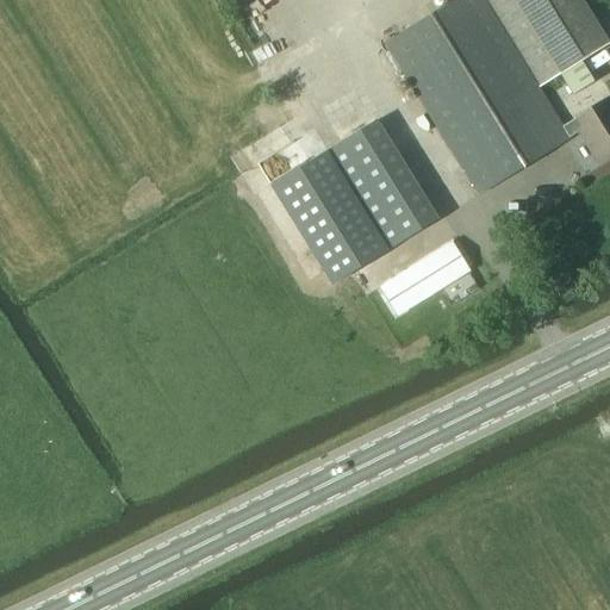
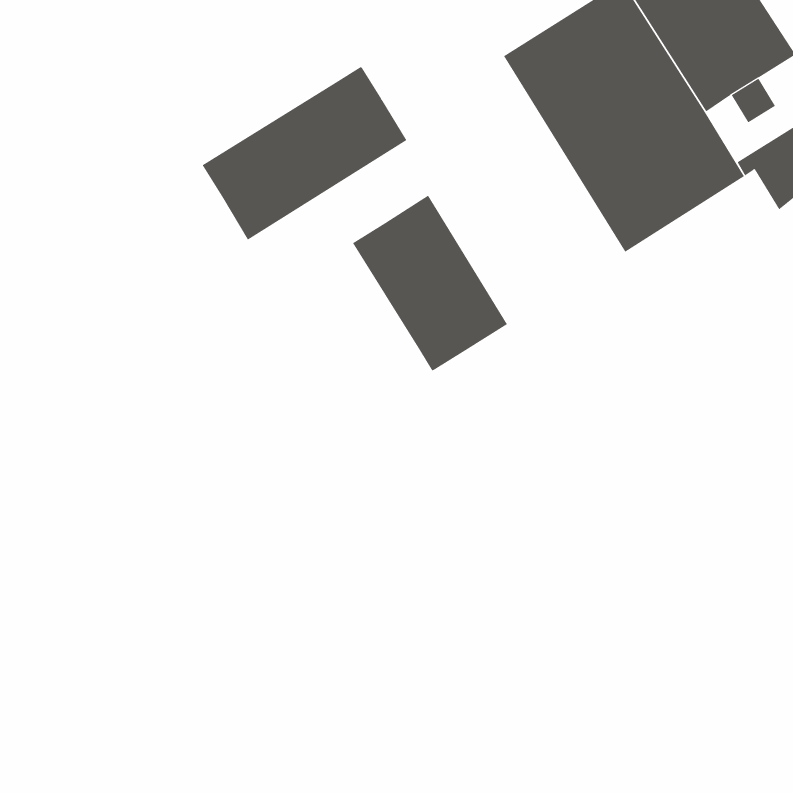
building: none -> [202,66,407,241]
building: [330,119,440,248] -> none
building: [382,239,471,312] -> none

